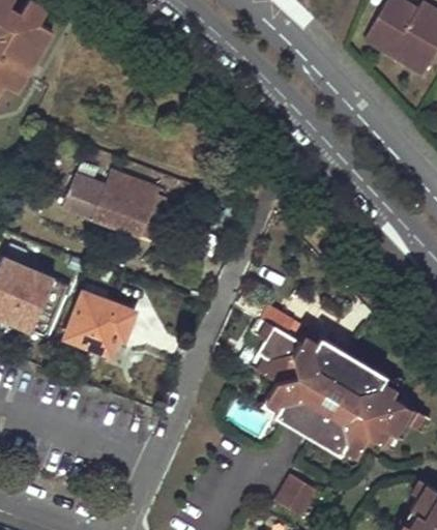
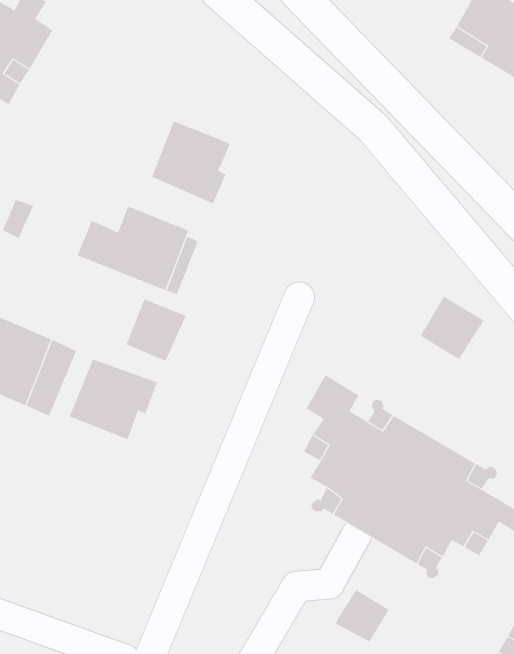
building: none -> [151,120,231,204]
building: none -> [420,296,485,360]
building: none -> [126,299,187,361]

